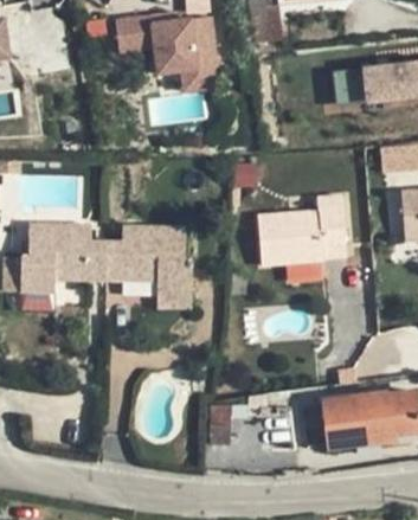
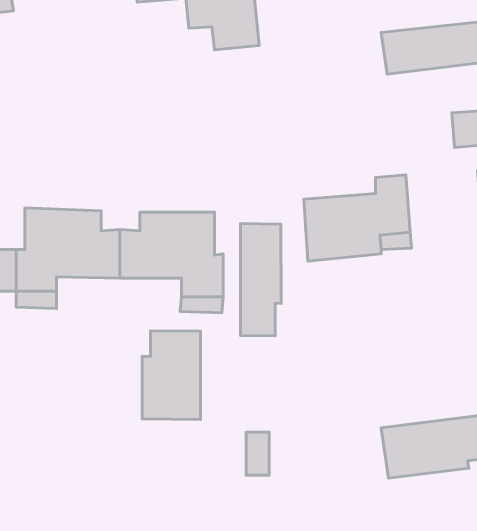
building: none -> [240,223,281,336]
building: none -> [142,331,200,419]

